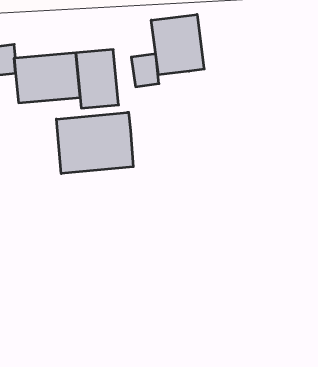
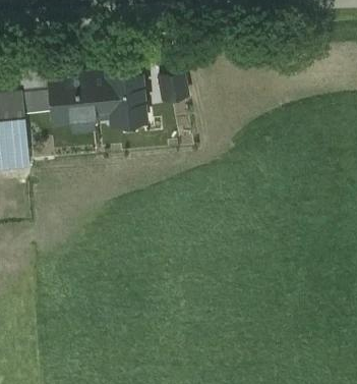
building: [151,14,204,75] -> none
building: [56,112,133,174] -> none

